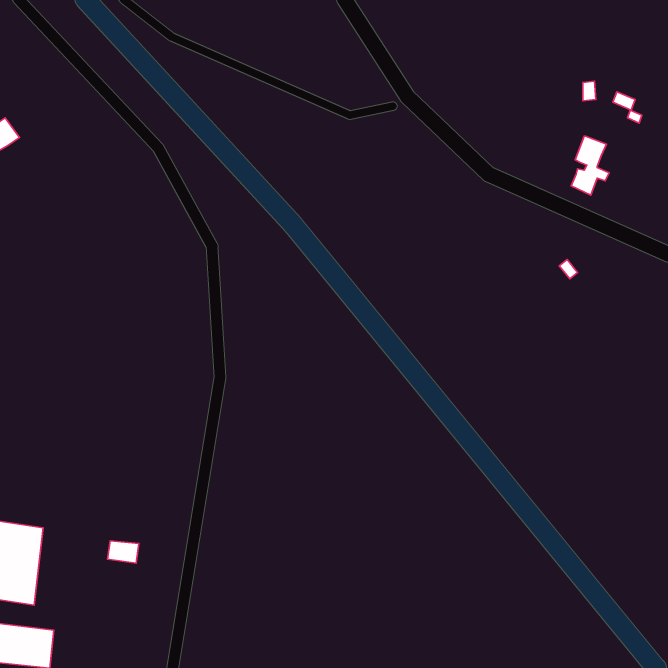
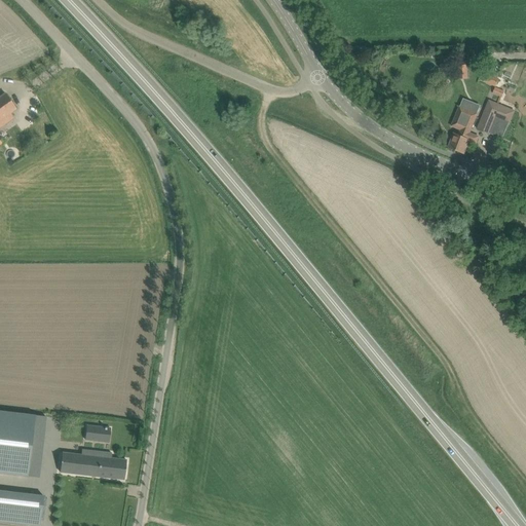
building: none -> [477,101,513,137]
building: none -> [59,450,125,479]

